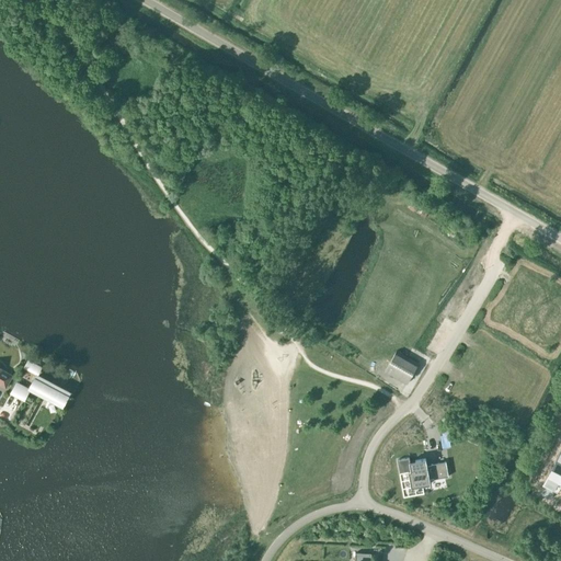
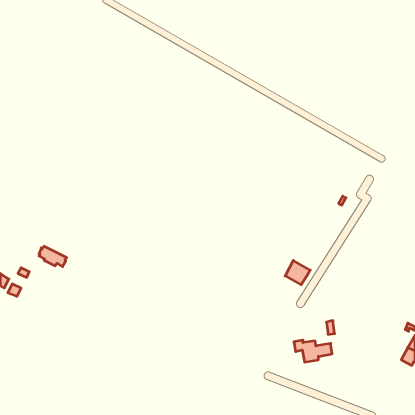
building: [32,377,69,404] -> [39,246,67,267]

